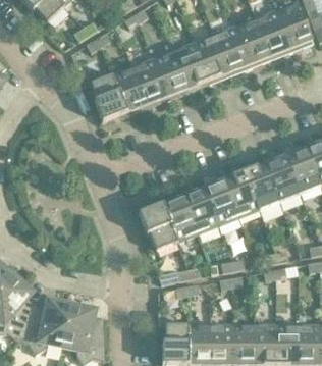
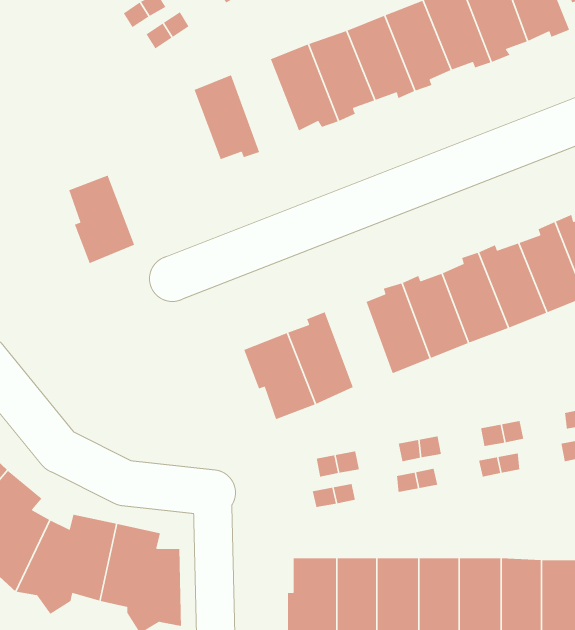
building: [132,57,168,107] -> none
building: [91,73,126,121] -> [68,174,135,264]
building: [182,187,218,232] -> none

